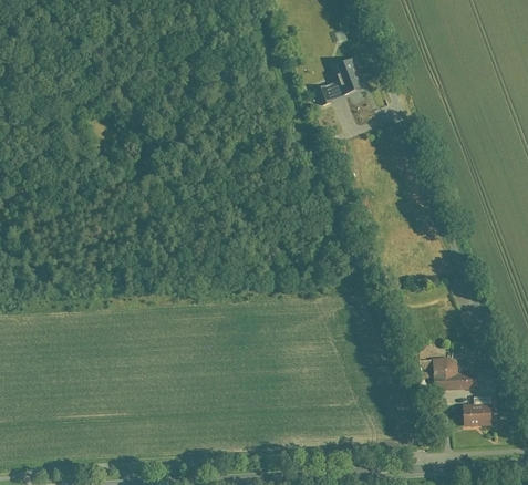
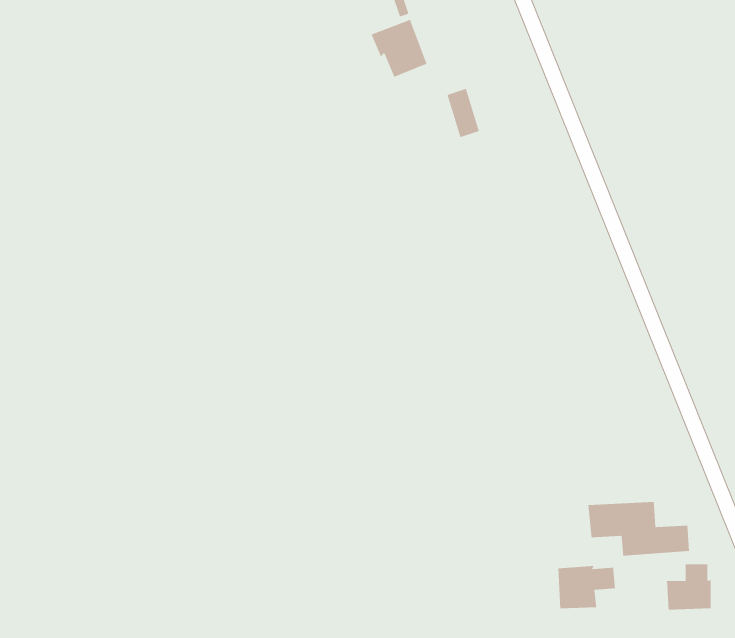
building: [330,55,367,94] -> [370,19,427,78]
building: none -> [558,565,616,609]

